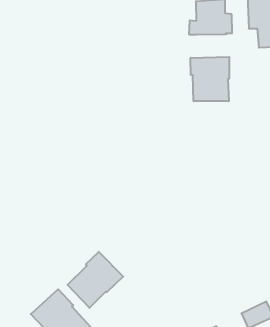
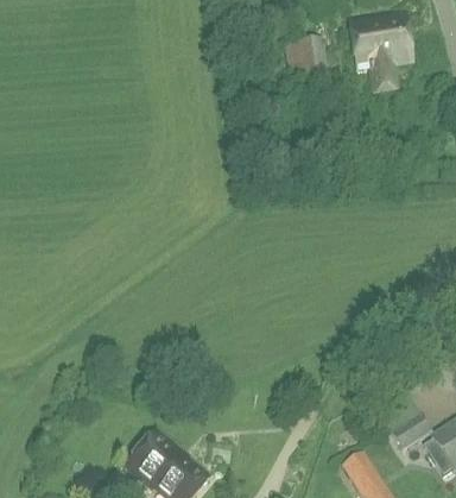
building: [191,57,229,101] -> none
building: [68,252,123,308] -> none

